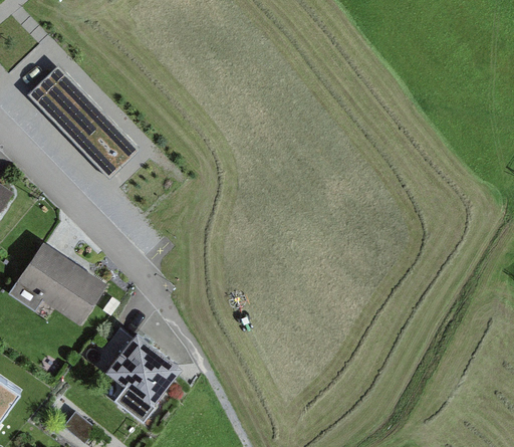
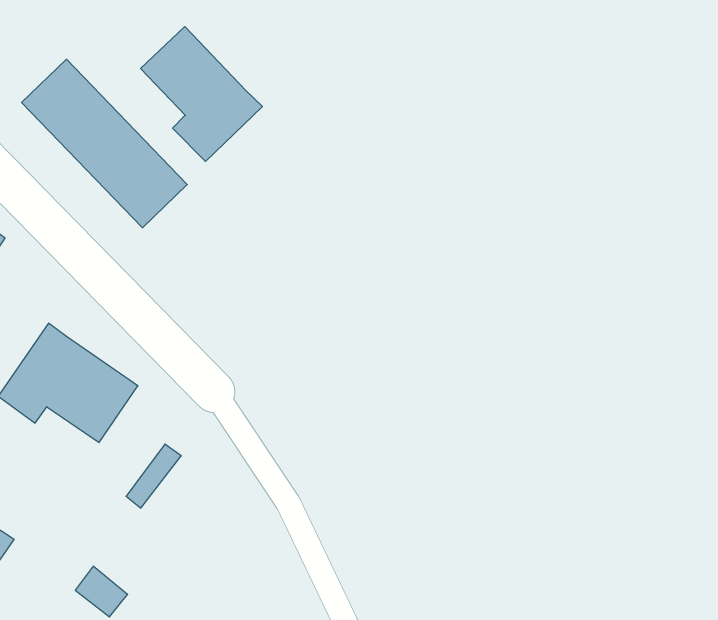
building: none -> [141,27,262,161]
building: [104,336,179,425] -> none

